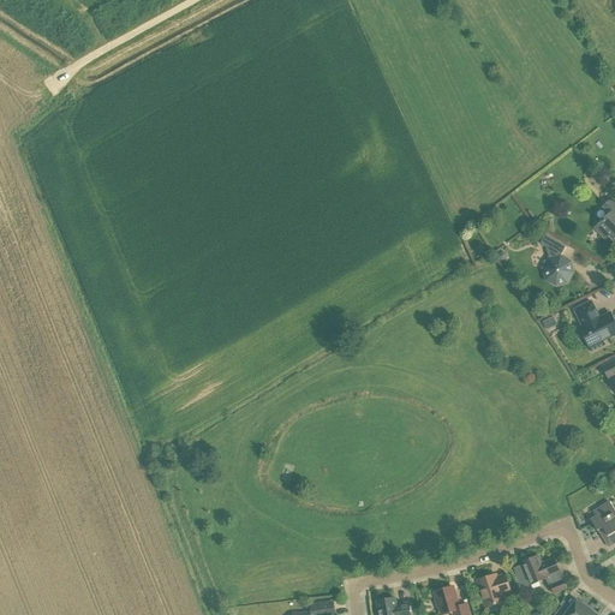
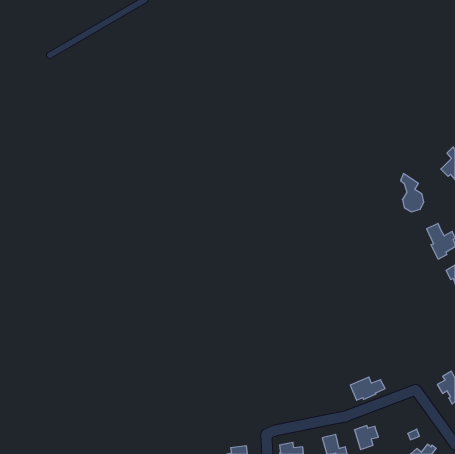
building: [513,555,560,586] -> [350,377,385,400]

